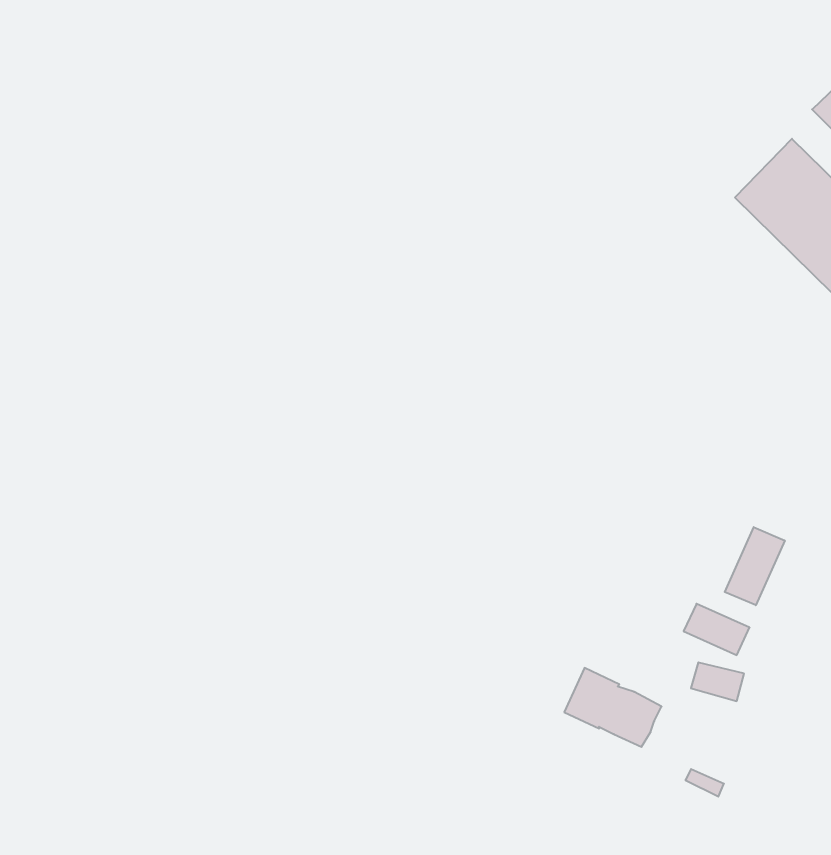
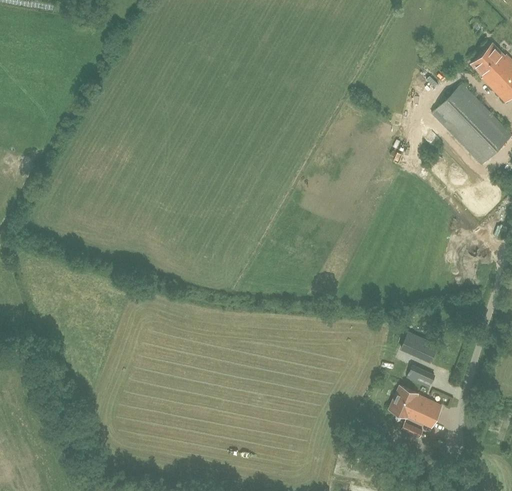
building: [725,527,785,605] -> none
building: [564,668,662,747] -> [389,386,442,429]

